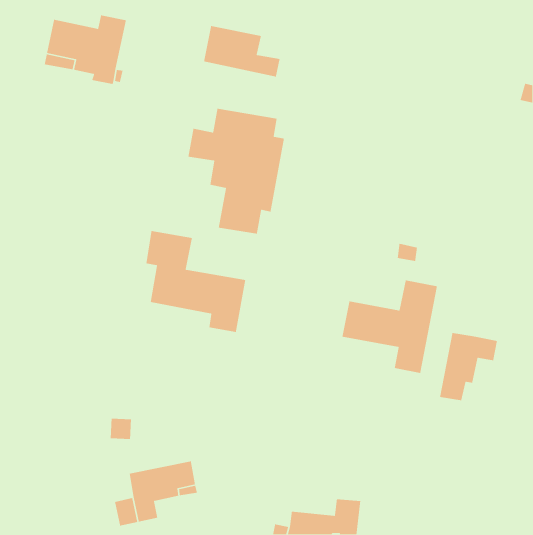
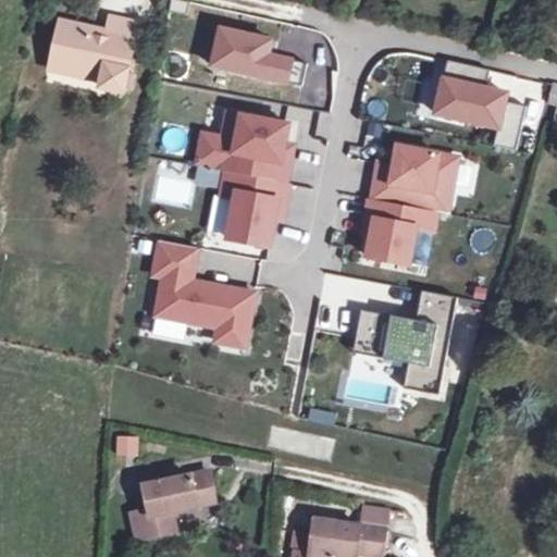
building: none -> [435,77,522,147]
building: none -> [361,144,459,261]
building: [439,332,498,401] -> none

